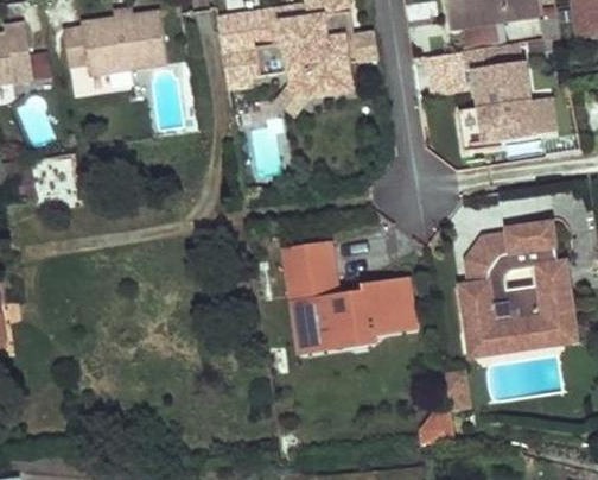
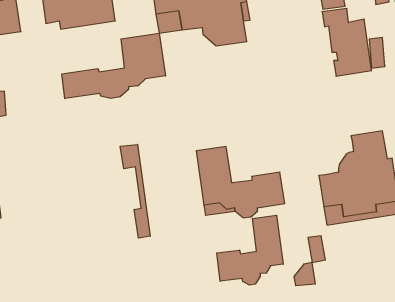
building: none -> [62,33,166,99]
building: [465,233,509,284] -> none
building: none -> [120,144,150,238]
building: none -> [217,215,283,285]

